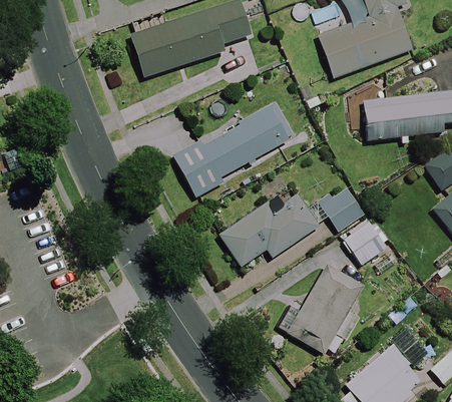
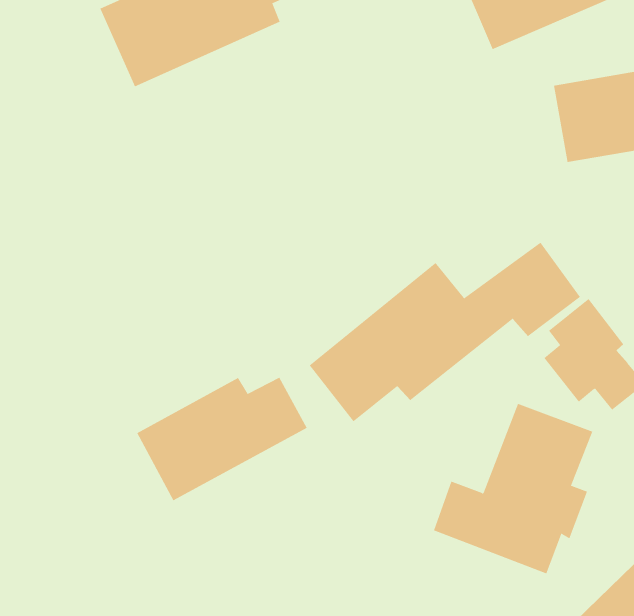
building: [172,100,293,197] -> none
building: none -> [137,377,308,501]

